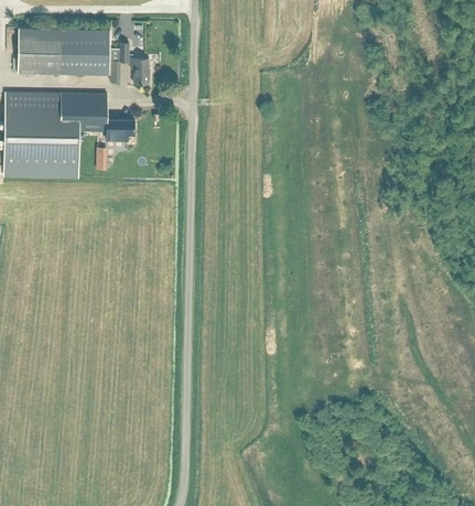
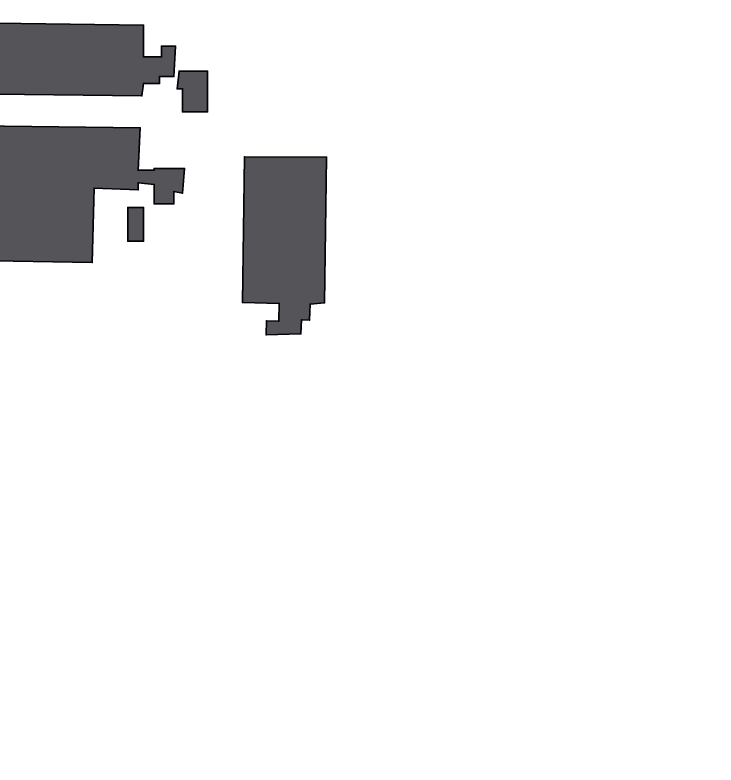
building: none -> [242,157,327,335]

